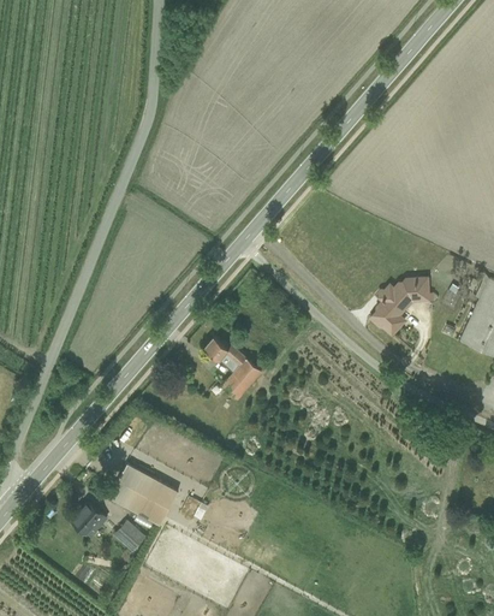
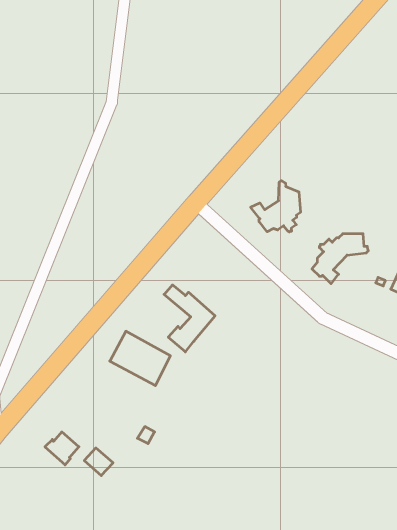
building: none -> [251,181,300,232]
building: [108,463,177,525] -> [110,331,170,386]

